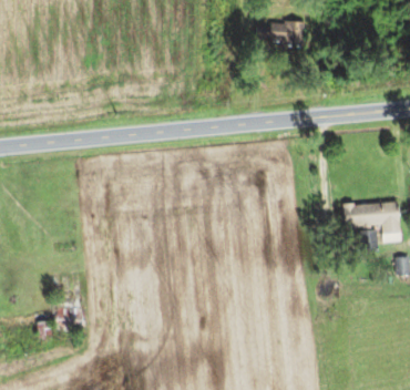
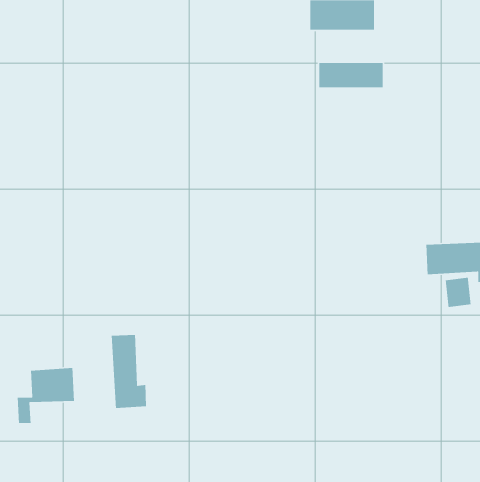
building: none -> [318,62,383,88]
building: none -> [111,334,147,409]

